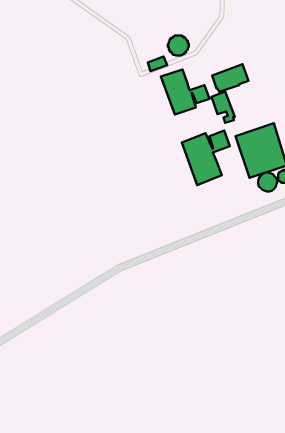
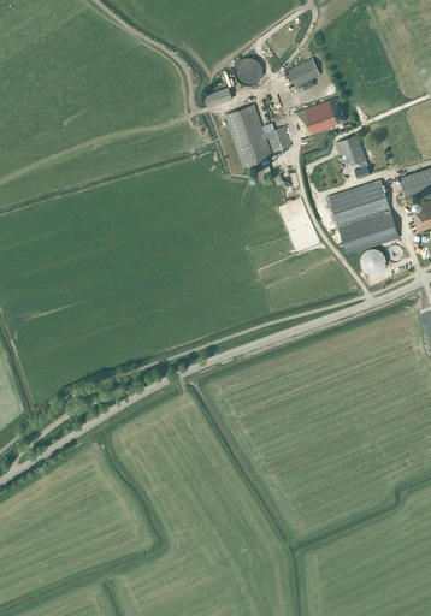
building: none -> [284,58,320,88]
building: [211,92,235,123] -> [337,135,370,178]
building: [182,130,230,185] -> none

